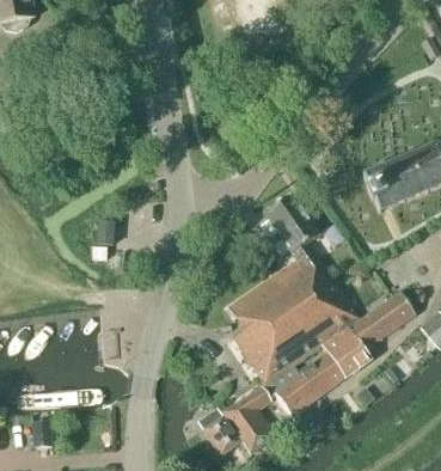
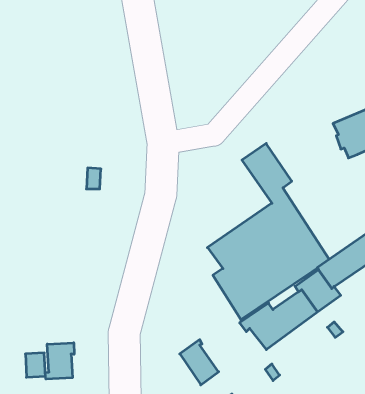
building: [221,385,275,453] -> none
building: none -> [45,343,74,379]

